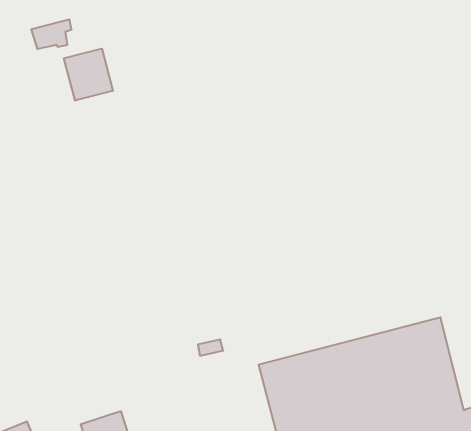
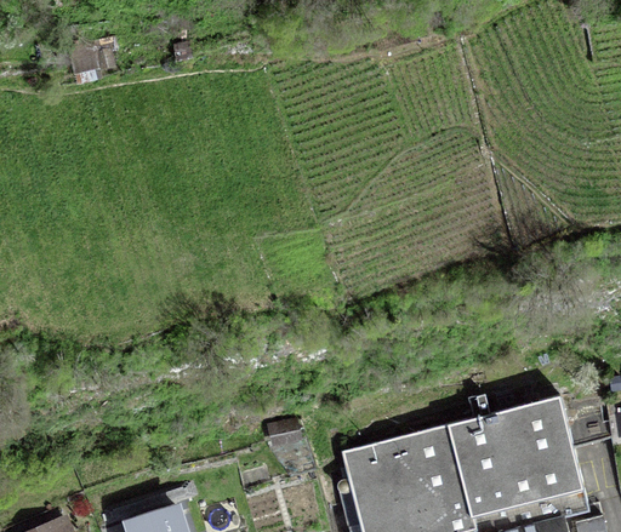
building: [64,49,113,101] -> none

